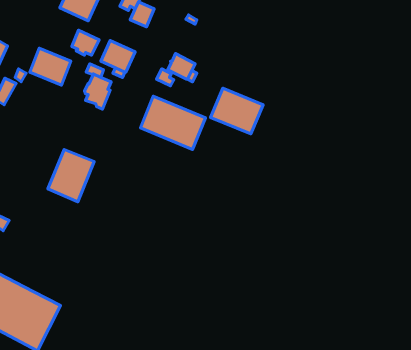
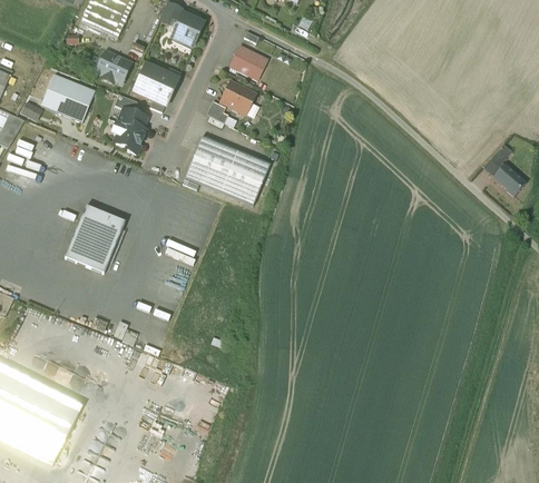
building: none -> [229,45,267,79]
building: [211,88,263,134] -> none
building: none -> [492,164,526,196]

